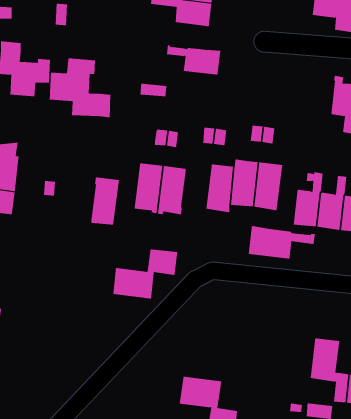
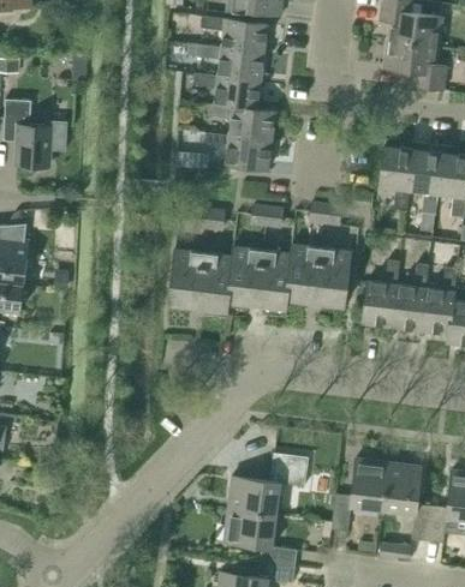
building: none -> [193,74,261,110]
building: [49,58,111,118] -> none
building: none -> [204,133,272,170]
building: none -> [380,138,413,210]
building: [90,177,120,225] -> [227,246,263,305]
building: [248,225,315,260] -> none
building: [112,249,178,299] -> [228,454,309,515]
building: none -> [316,459,389,532]

